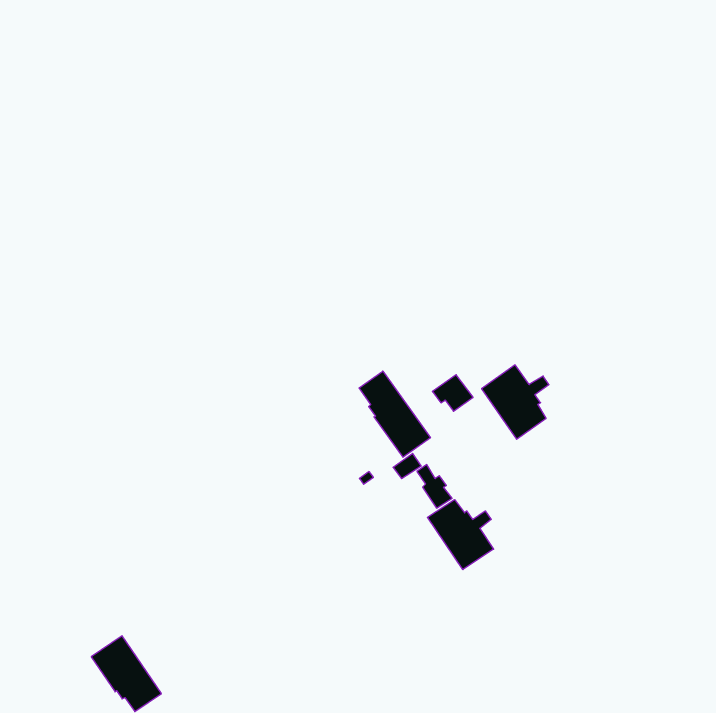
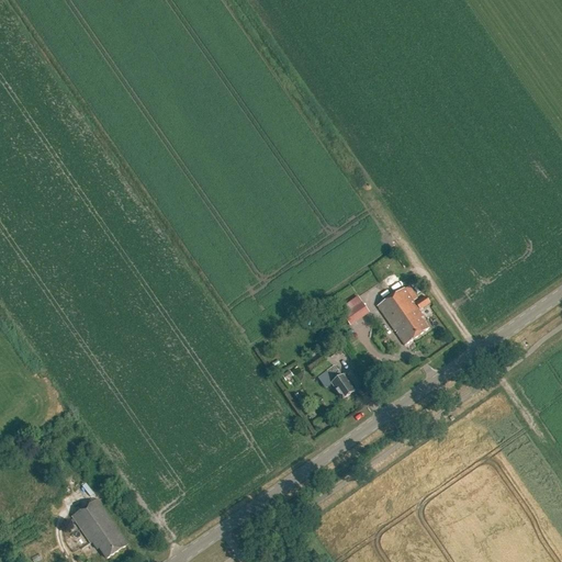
building: [359,371,430,457] -> none
building: [427,500,494,570] -> none

